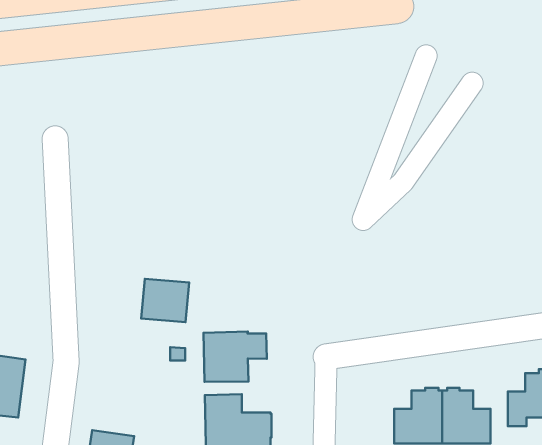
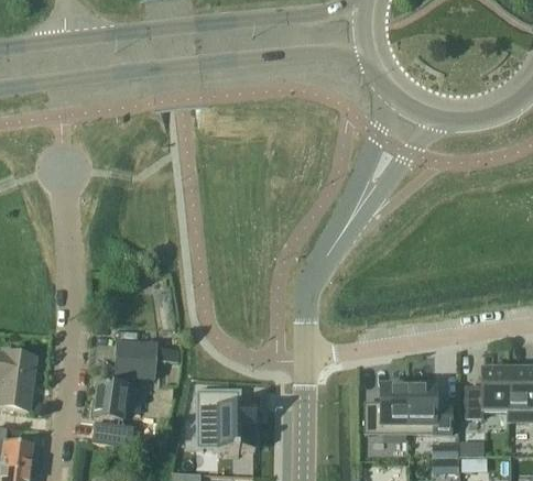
building: [141,279,189,322] -> [115,338,157,376]
building: [204,331,267,382] -> none
building: none -> [94,381,140,418]

